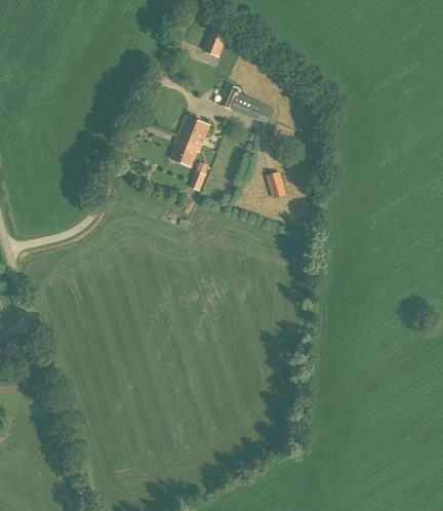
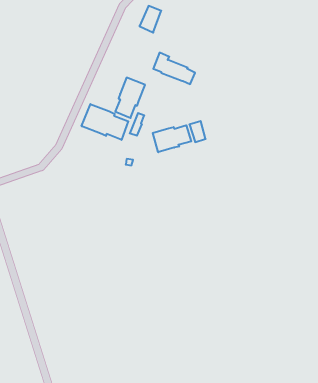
building: none -> [82,104,128,140]
building: none -> [153,125,191,152]

